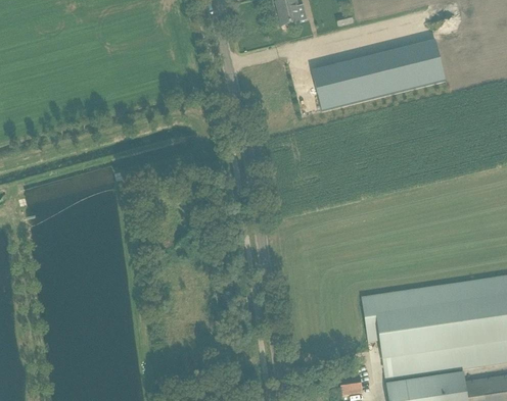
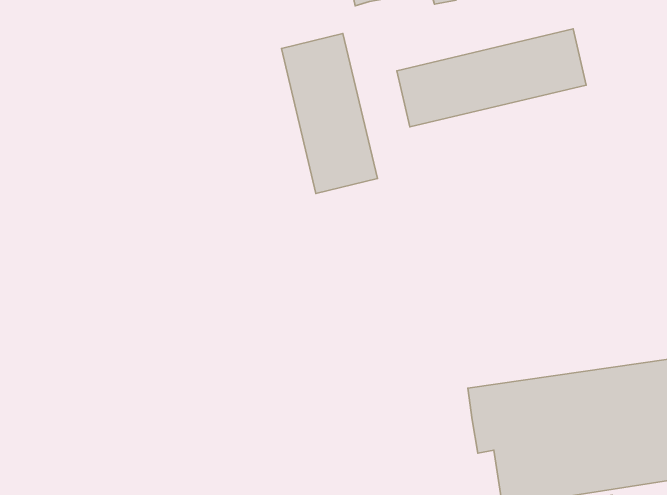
building: none -> [281,34,377,193]

